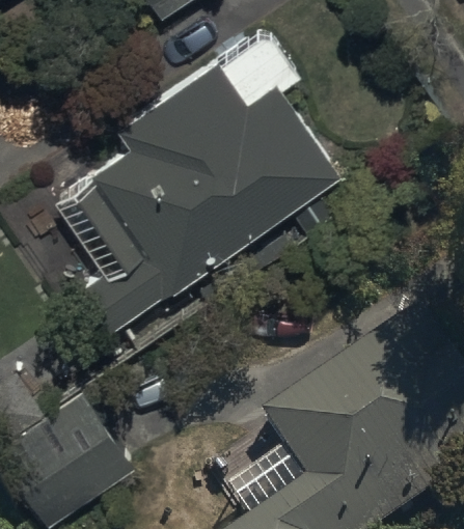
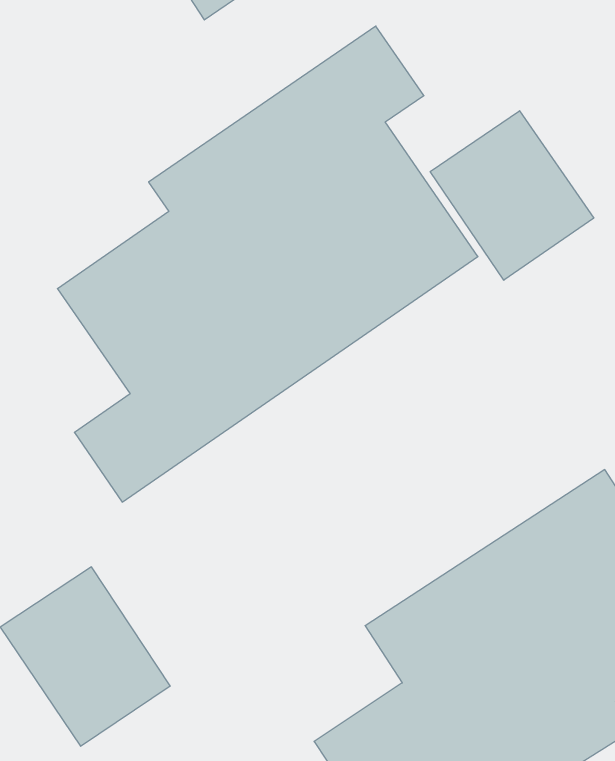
building: none -> [430,111,594,280]

